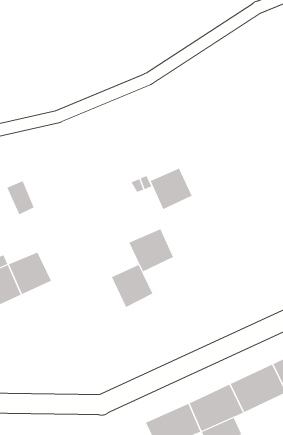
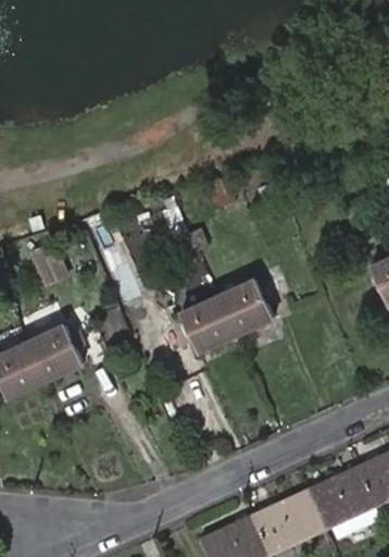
building: [150,168,192,210] -> [218,282,272,334]
building: [111,264,153,308] -> none

